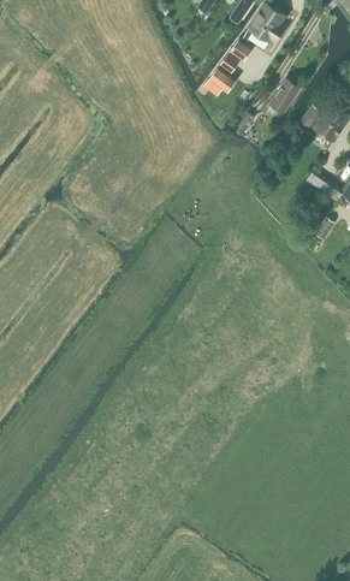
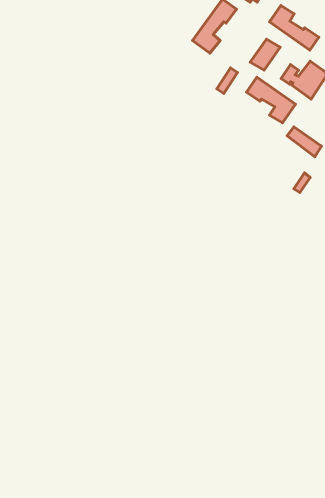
building: none -> [269,6,319,50]
building: none -> [247,77,296,123]

